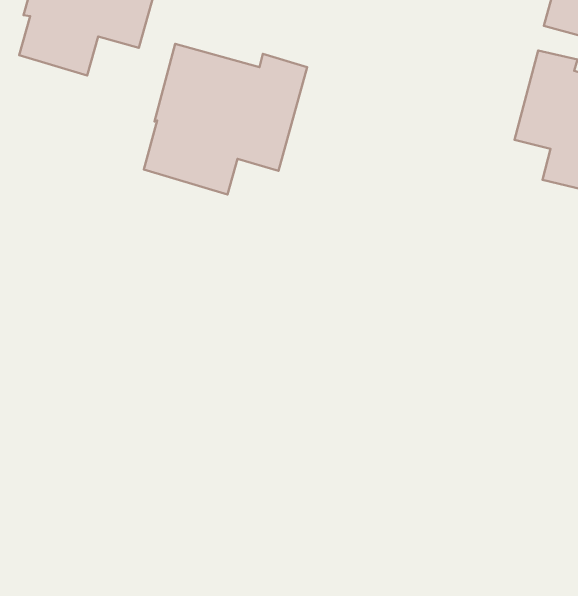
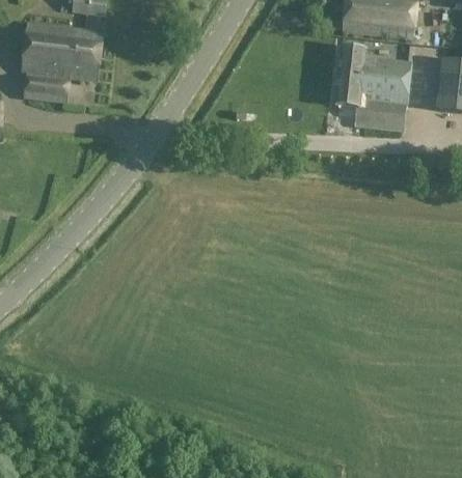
building: [144,44,307,195] -> none

